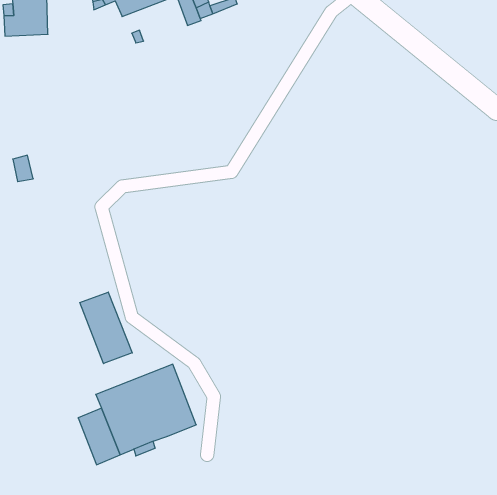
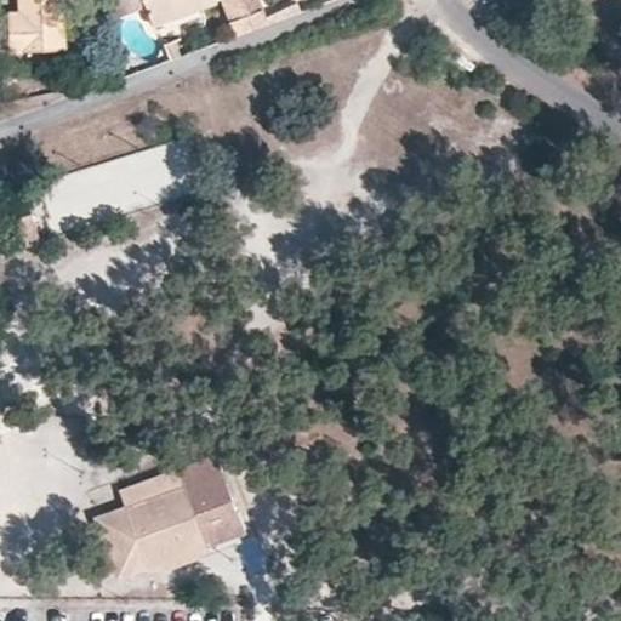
building: [80,292,132,364] -> none

